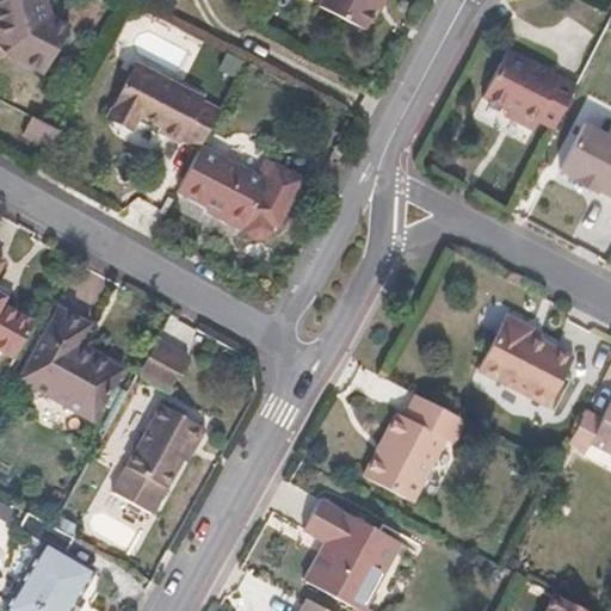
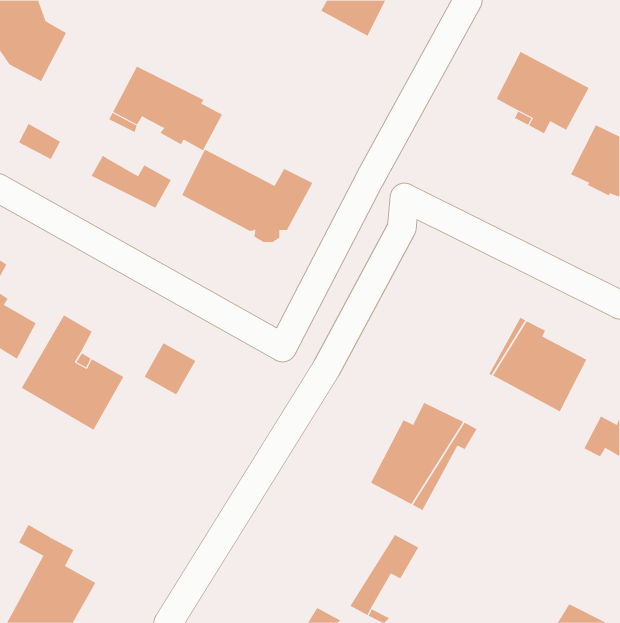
building: none -> [91,155,171,208]
building: [111,414,204,525] -> none
building: [308,489,387,593] -> none

